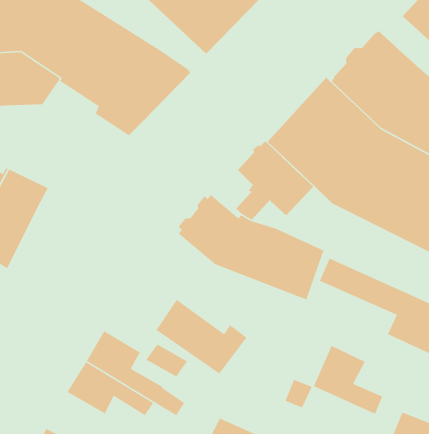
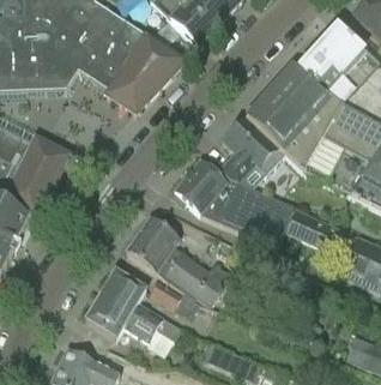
building: none -> [126,217,179,271]
building: [313,345,383,415] -> none

